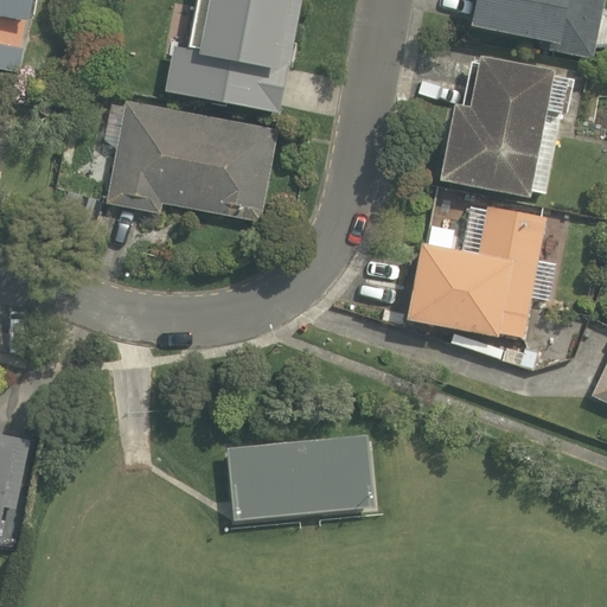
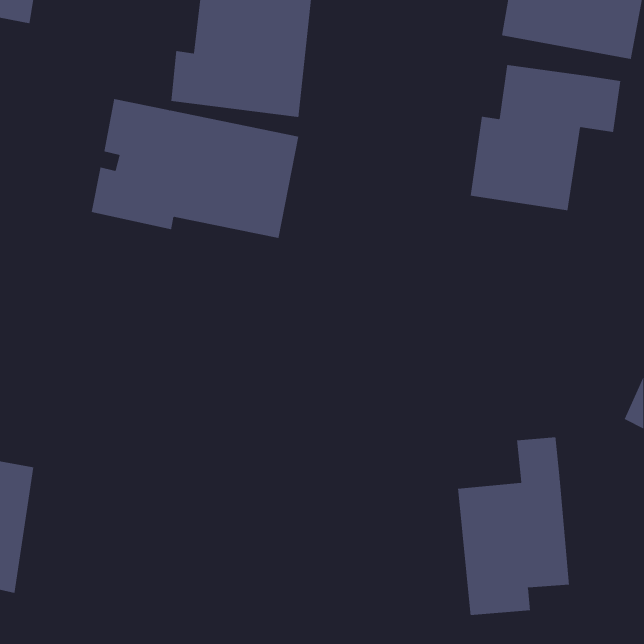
building: [401,192,567,336] -> none
building: none -> [457,436,570,616]
building: [225,434,373,519] -> none

